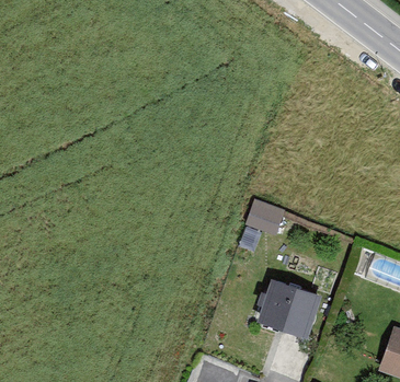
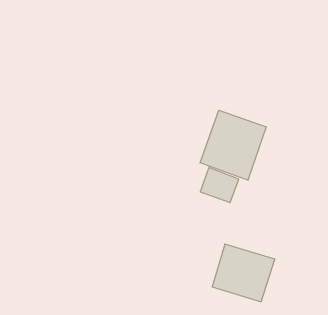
building: none -> [200,110,266,180]

